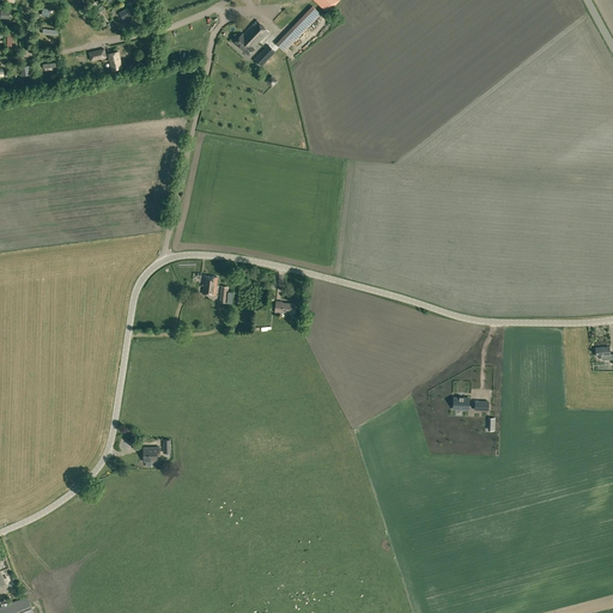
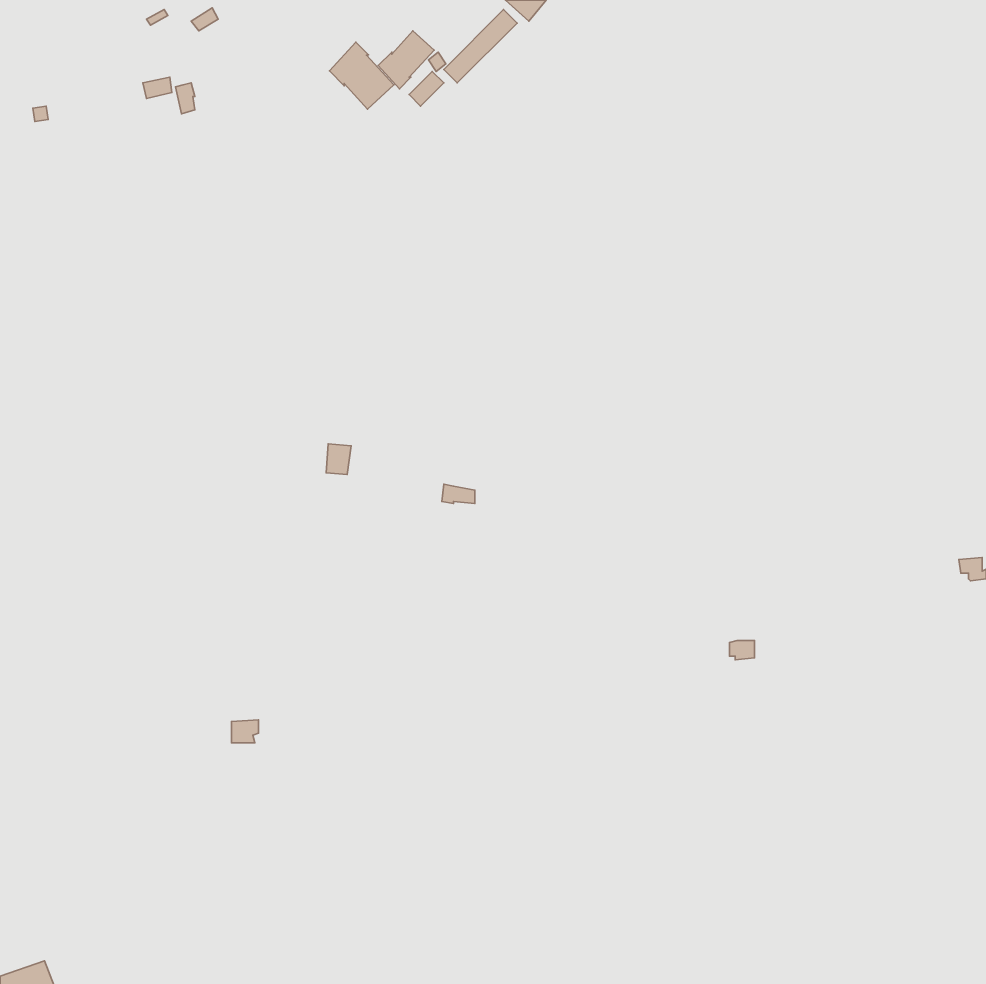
building: none -> [329,42,394,109]

